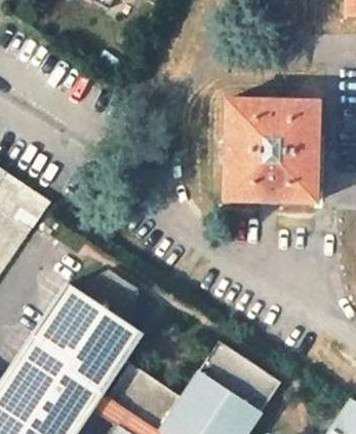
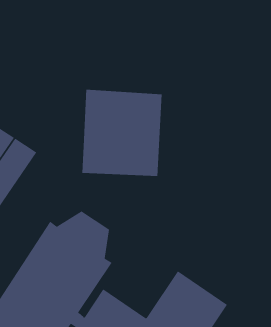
building: [222,100,319,205] -> [81,89,163,176]

